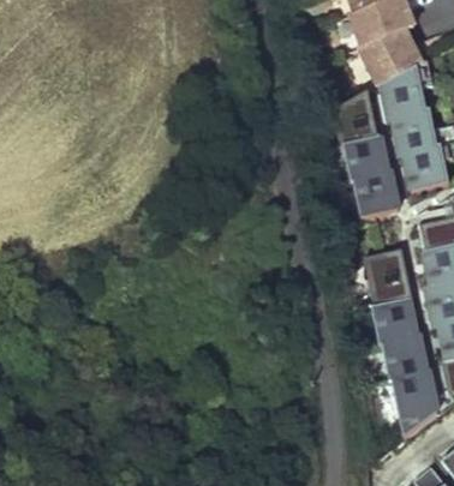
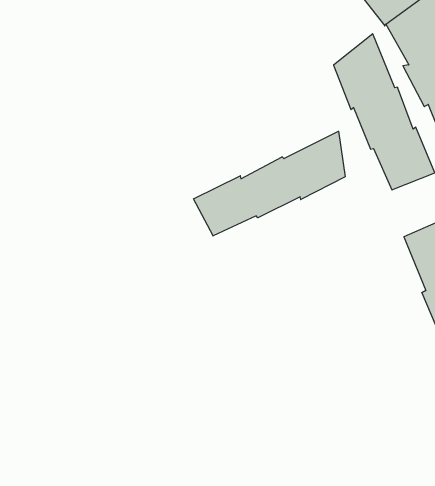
building: none -> [194,131,345,236]

